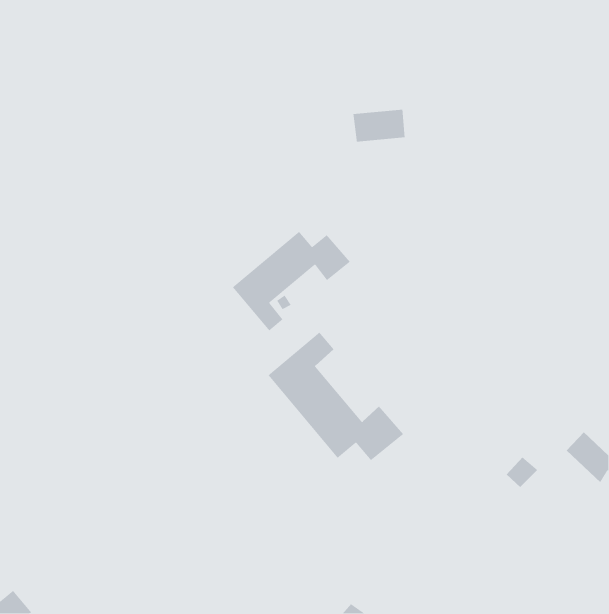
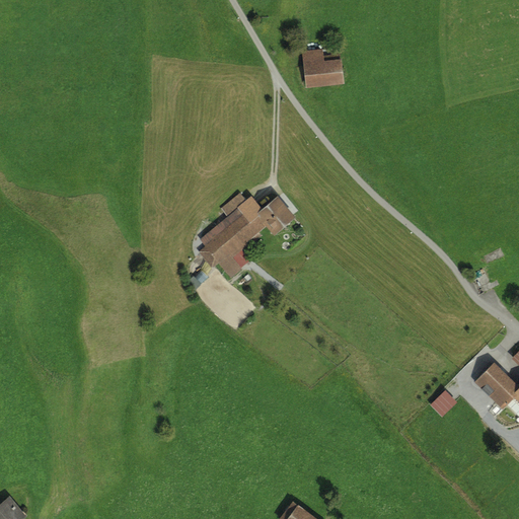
building: [353,109,405,142] -> [300,60,345,88]
building: [267,332,404,461] -> none

